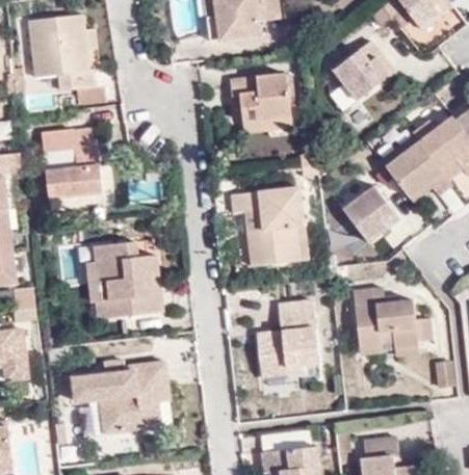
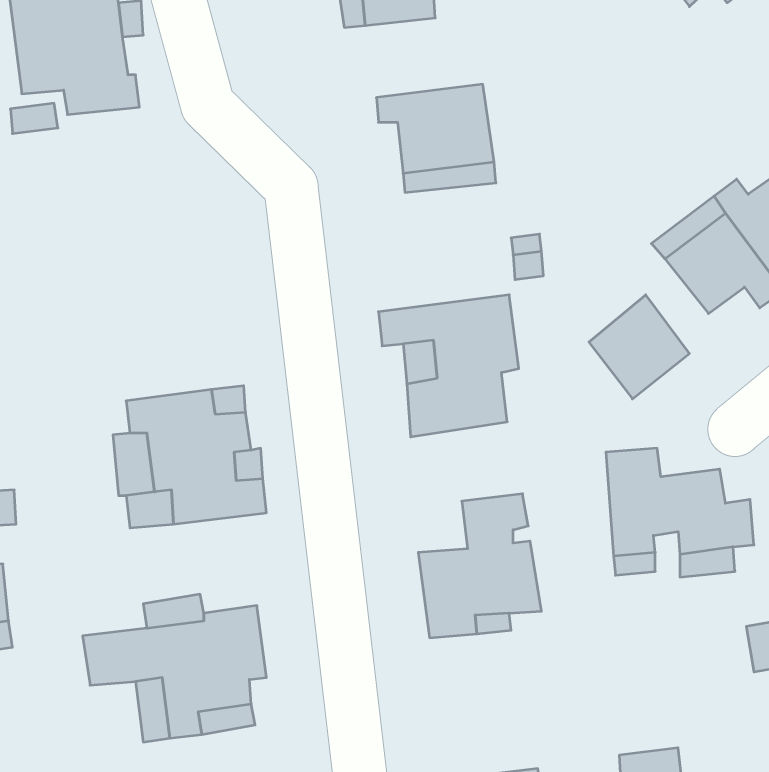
building: [336,42,390,101] -> none
building: [44,128,104,199] -> none

